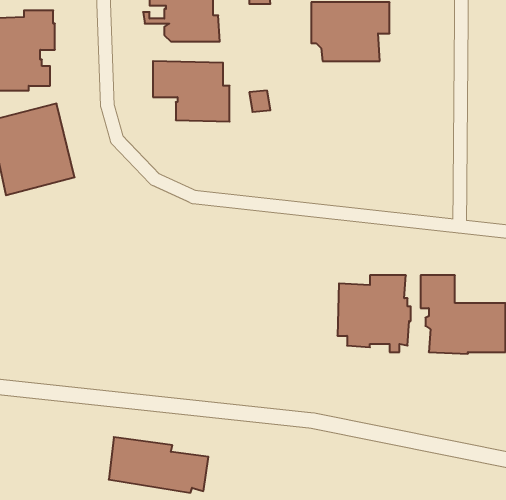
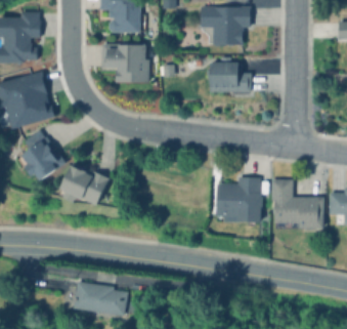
building: none -> [207,61,252,92]
building: none -> [21,130,63,181]
building: none -> [61,165,109,205]

